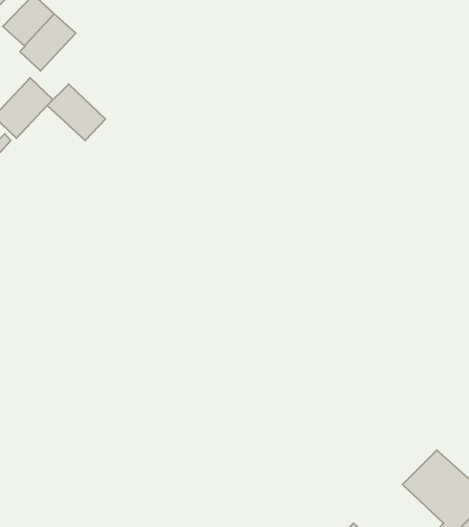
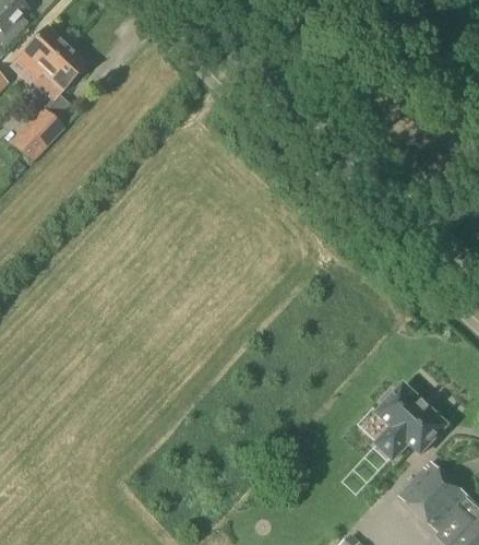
building: [47,84,105,141] -> none
building: none -> [373,382,451,463]

